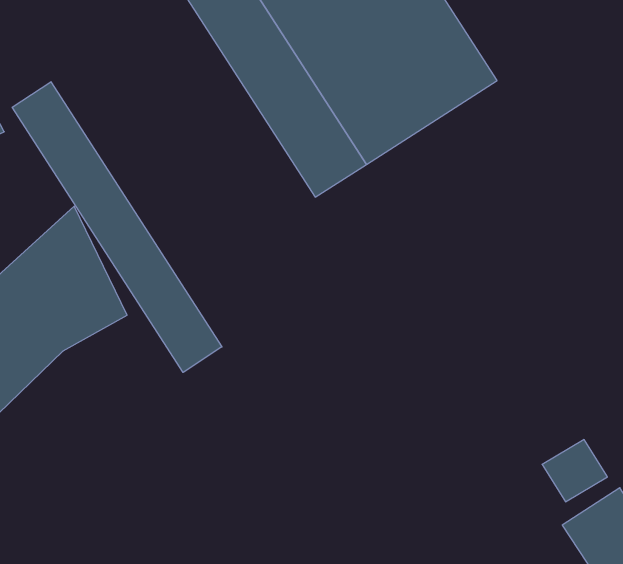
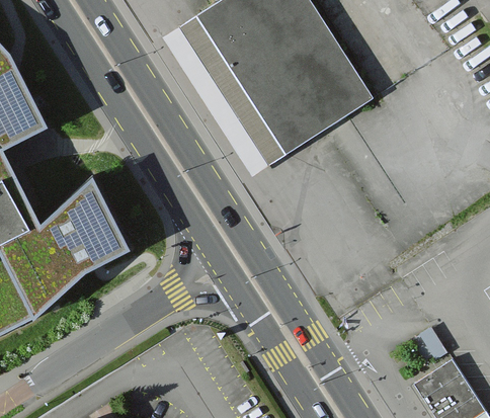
building: [12,82,222,372] -> none

